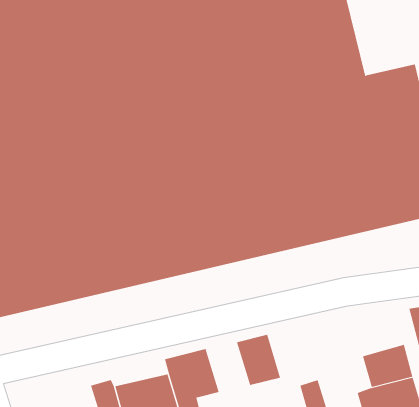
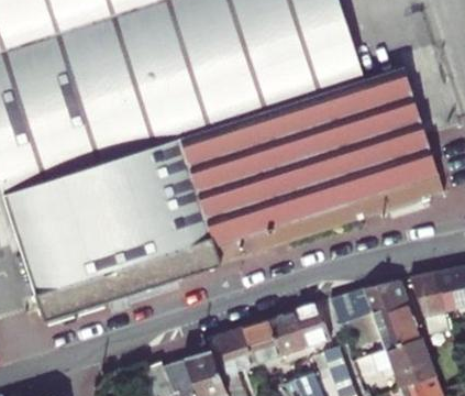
building: none -> [331,278,411,332]
building: none -> [294,300,331,344]
building: none -> [242,317,281,361]

